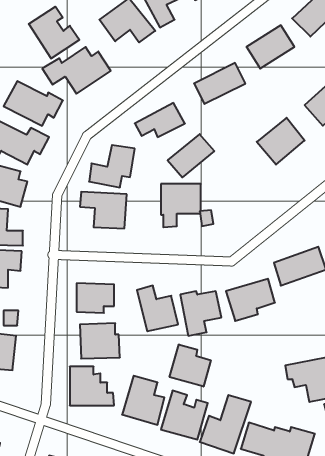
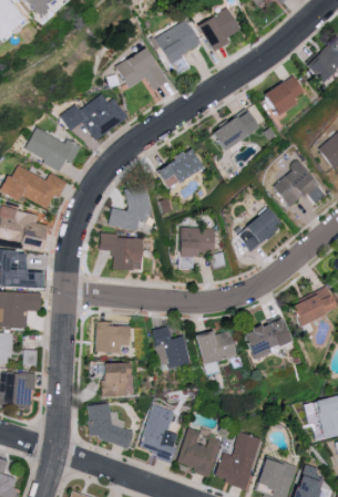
building: [29,7,79,59] -> none
building: [168,134,214,177] -> [235,209,280,251]
building: [170,344,211,387] -> none

